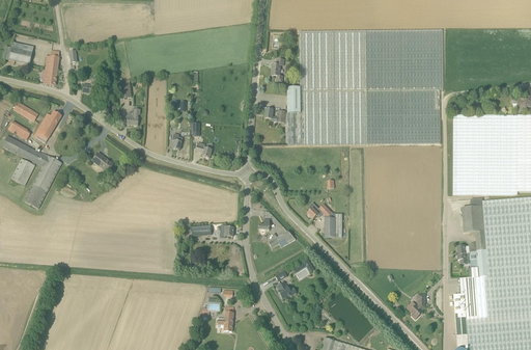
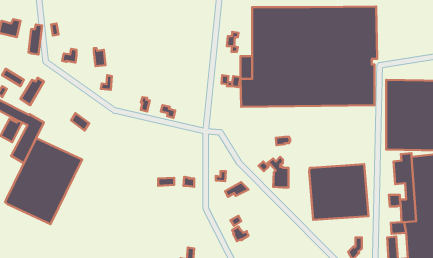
building: none -> [5,138,82,224]
building: none -> [309,164,368,220]

